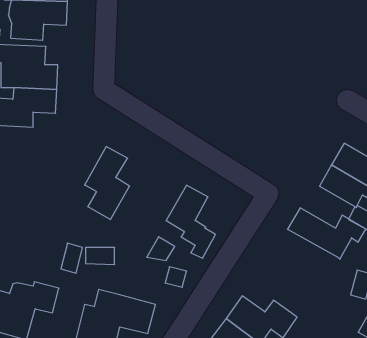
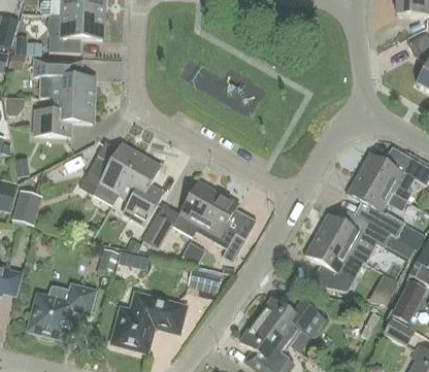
building: none -> [79,143,140,202]
building: none -> [142,179,218,248]
building: none -> [303,234,363,291]

